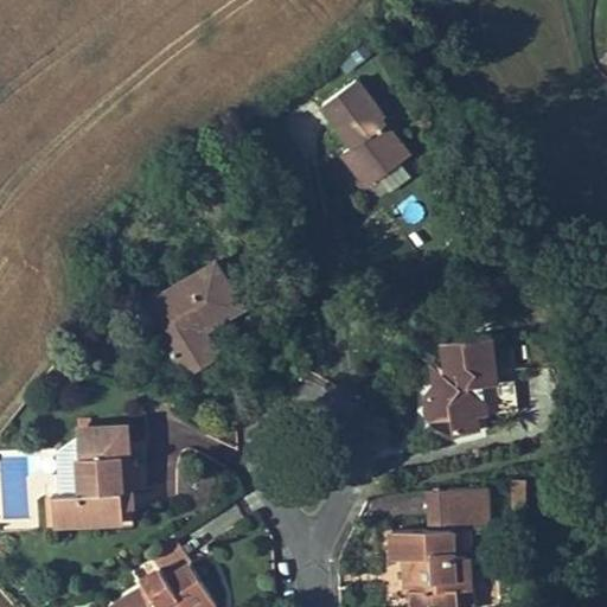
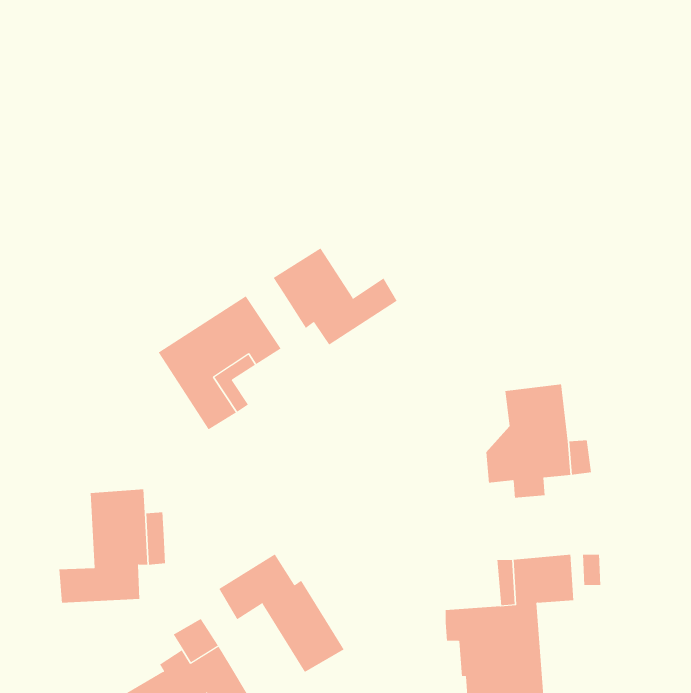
building: [318,84,405,192] -> none
building: none -> [273,248,398,346]
building: none -> [218,553,344,673]

